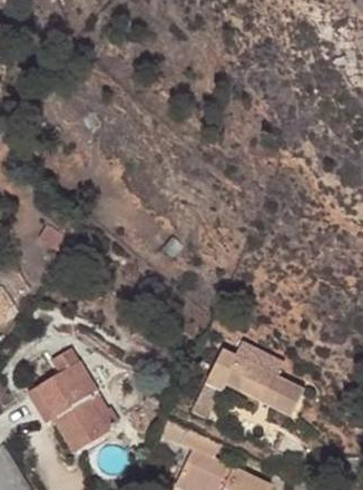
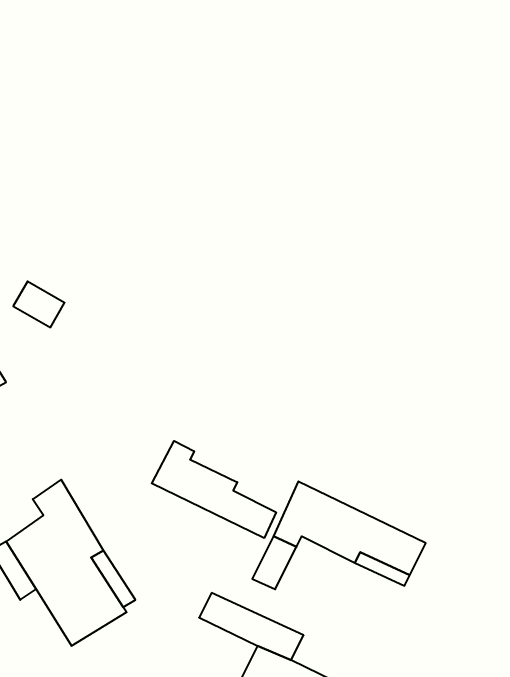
building: none -> [152,441,276,538]

